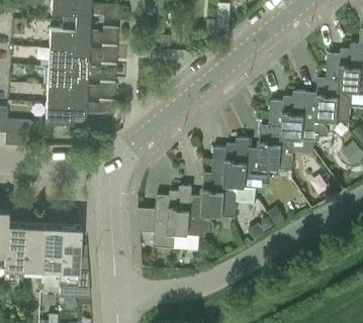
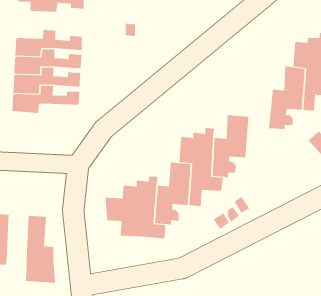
building: [50,22,117,49] -> none
building: [269,91,306,170] -> none
building: [40,225,62,277] -> none

